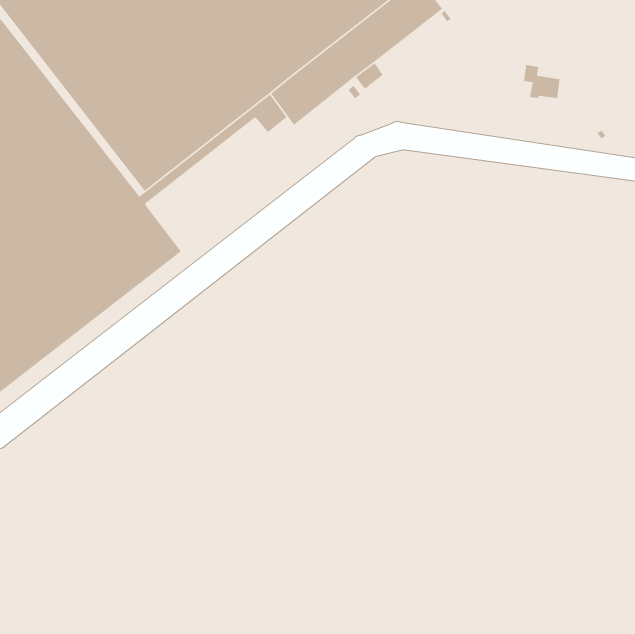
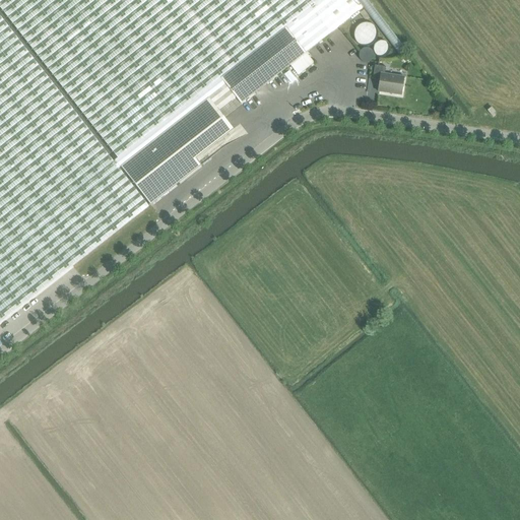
building: [523,64,560,99] -> [372,63,402,91]
building: none -> [120,96,233,203]

